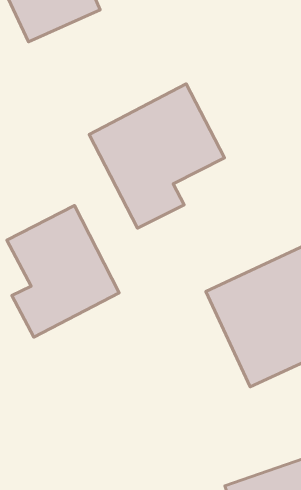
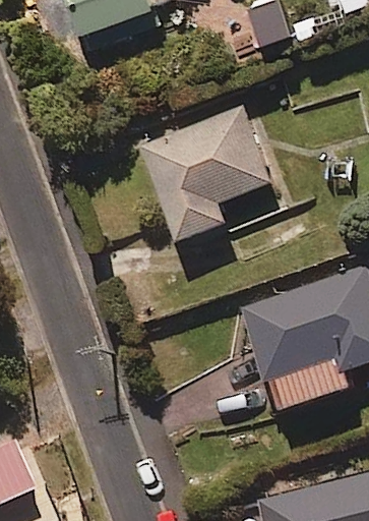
building: [7,205,119,337] -> none

